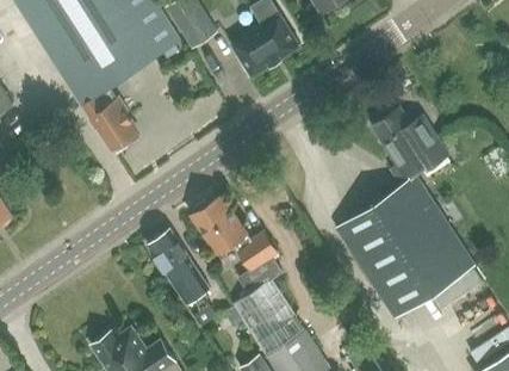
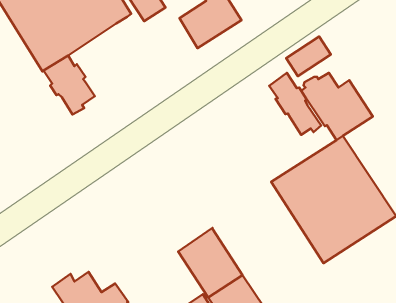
building: none -> [286,37,331,76]
building: none -> [269,73,321,135]
building: [190,194,281,295] -> none
building: [145,229,207,317] -> none

